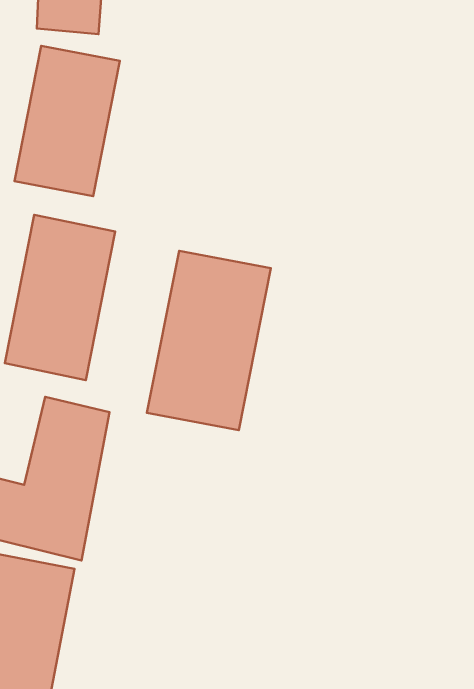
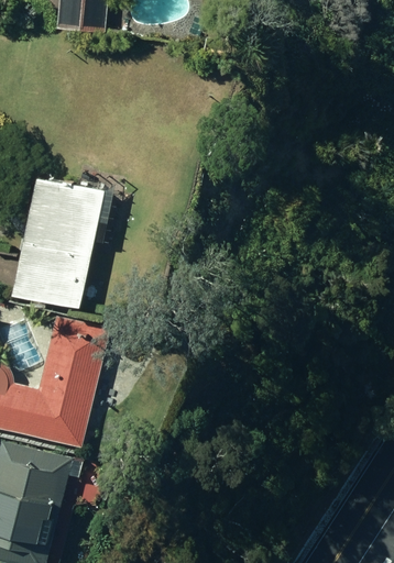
building: [14,46,120,196] -> none
building: [147,251,271,430] -> none

